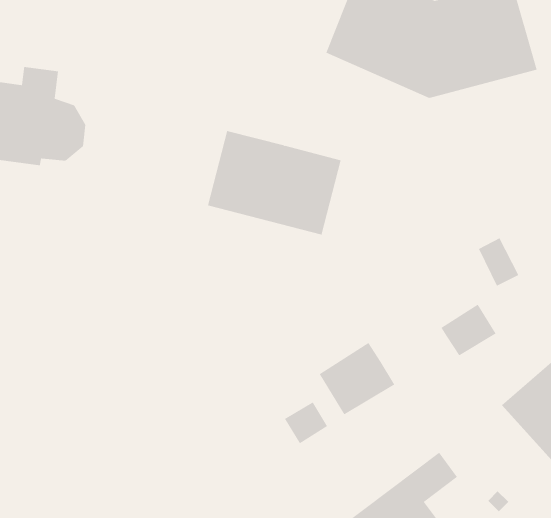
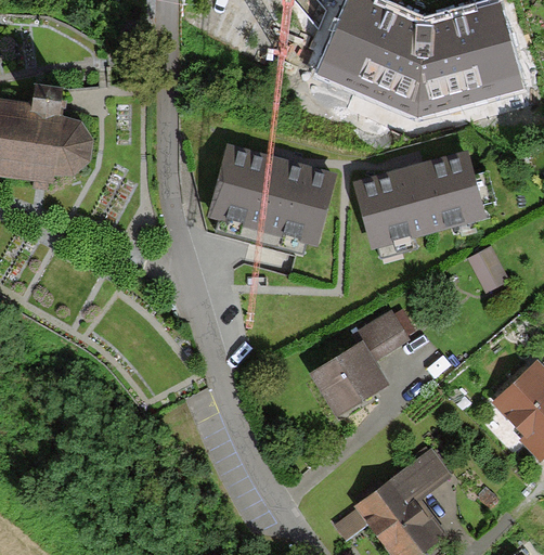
building: none -> [352,156,482,248]
building: [441,304,496,356] -> [357,314,410,364]
building: [284,402,328,444] -> none

